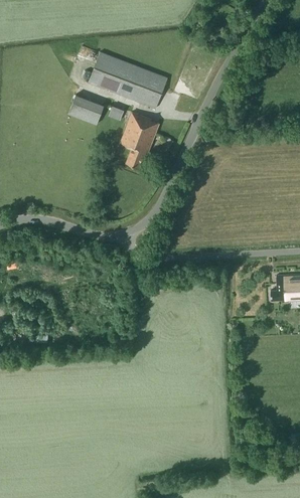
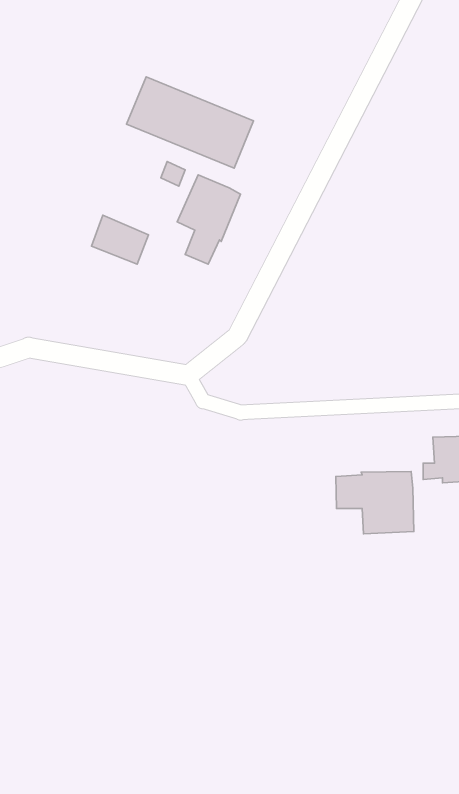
building: [68,93,104,123] -> [92,215,149,264]
building: none -> [336,472,414,534]

